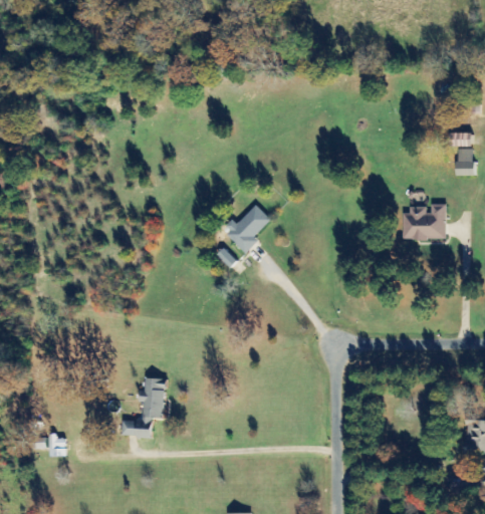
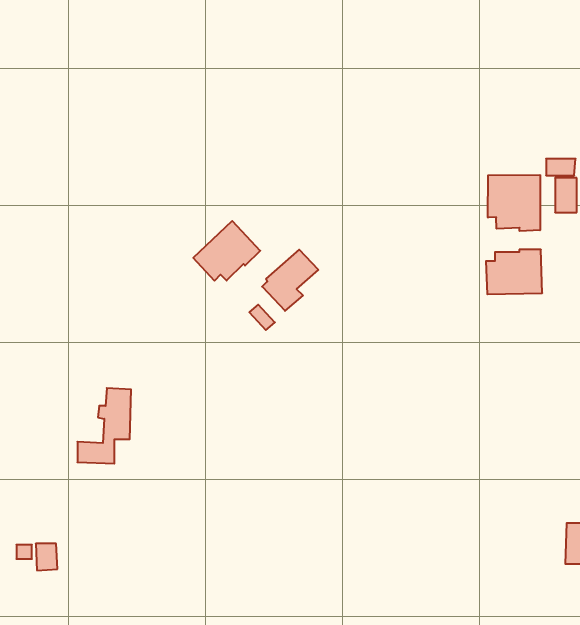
building: none -> [488,175,540,231]
building: none -> [193,221,260,281]
building: [122,376,164,436] -> [77,388,131,464]

